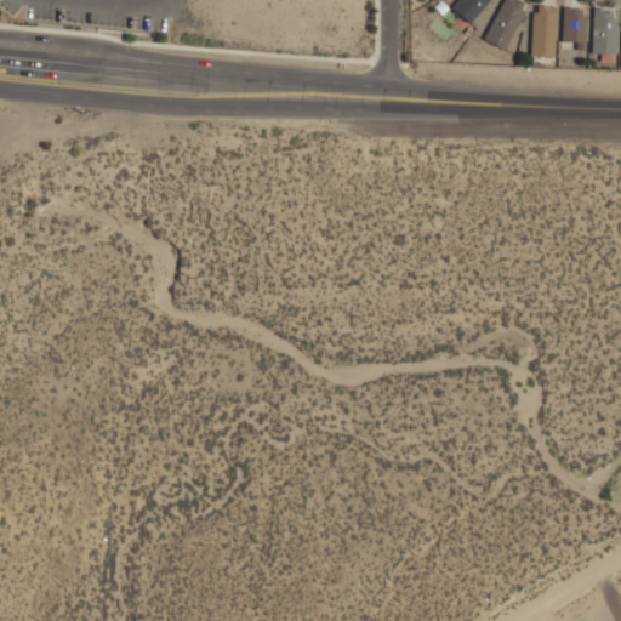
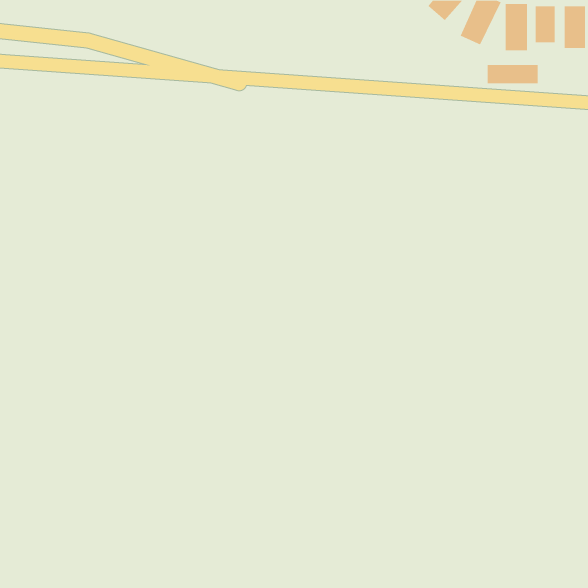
building: none -> [487,64,538,84]

